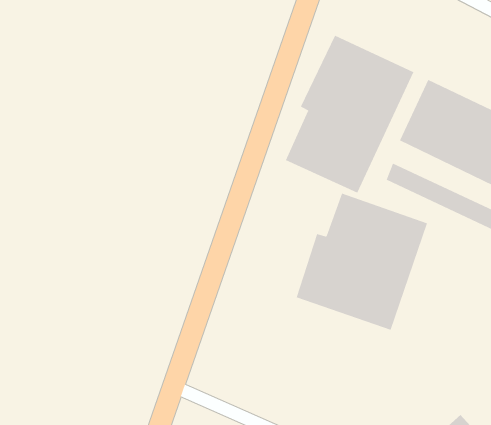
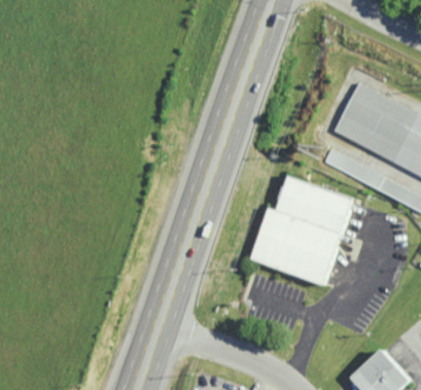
building: [285,35,414,194] -> none

